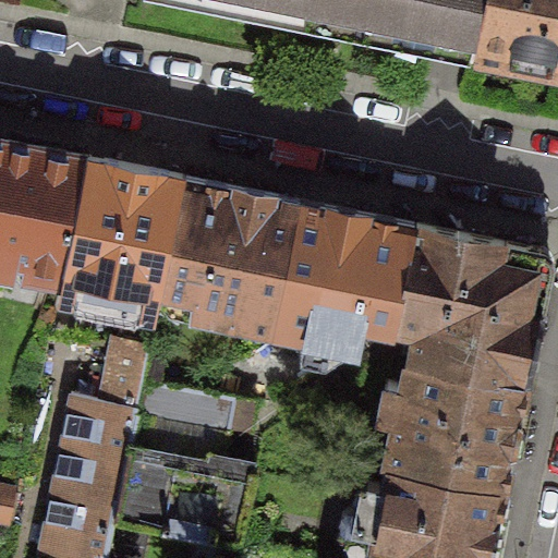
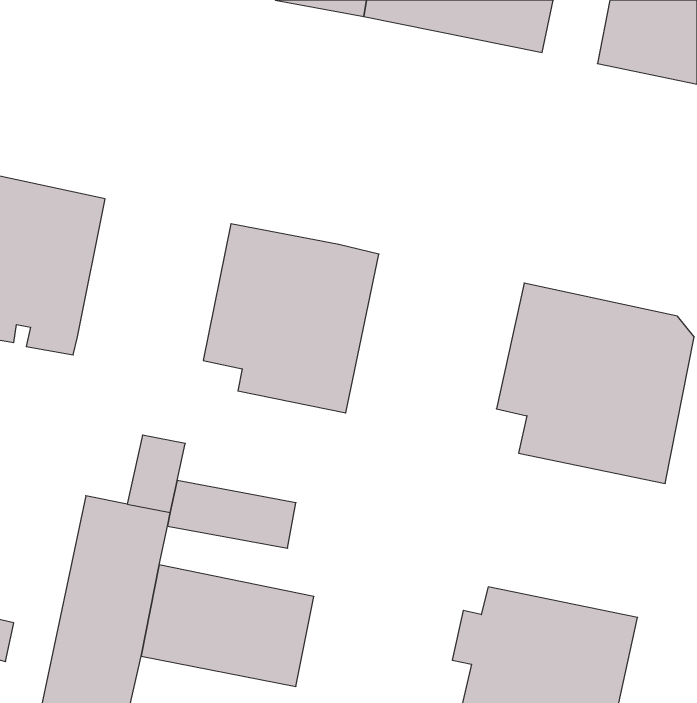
building: [61,159,182,293] -> none
building: [272,203,413,344] -> none
building: [377,360,524,489] -> none

